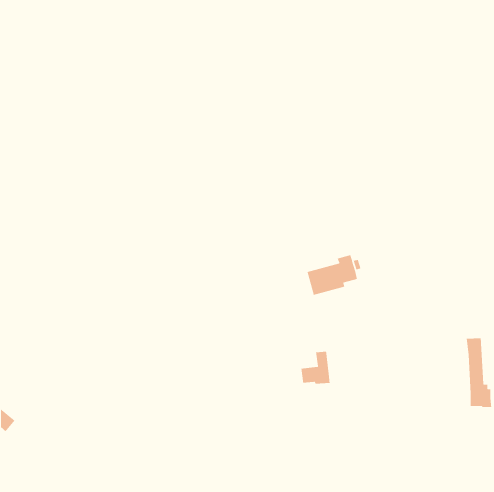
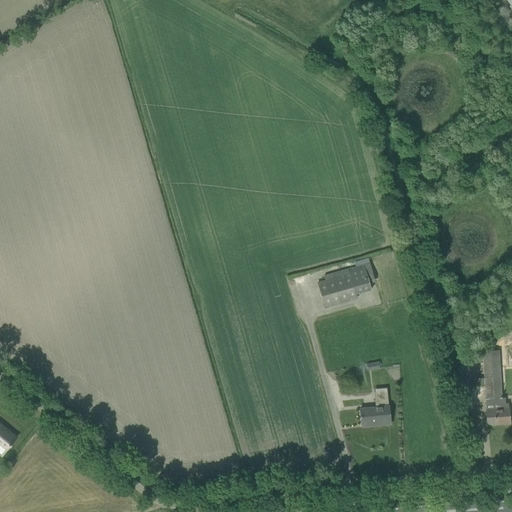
building: [301,351,331,385] -> [359,389,390,424]

